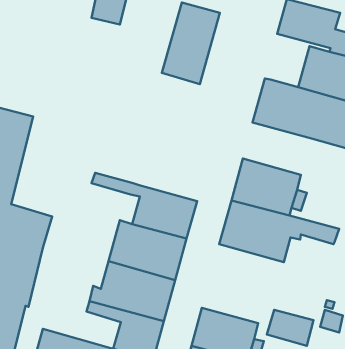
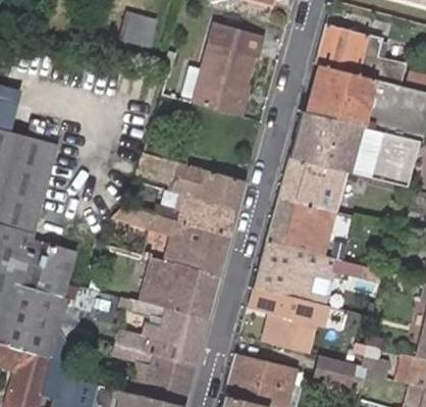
building: none -> [310,63,352,115]
building: none -> [141,140,246,238]
building: none -> [280,153,354,209]
building: none -> [250,284,331,352]

